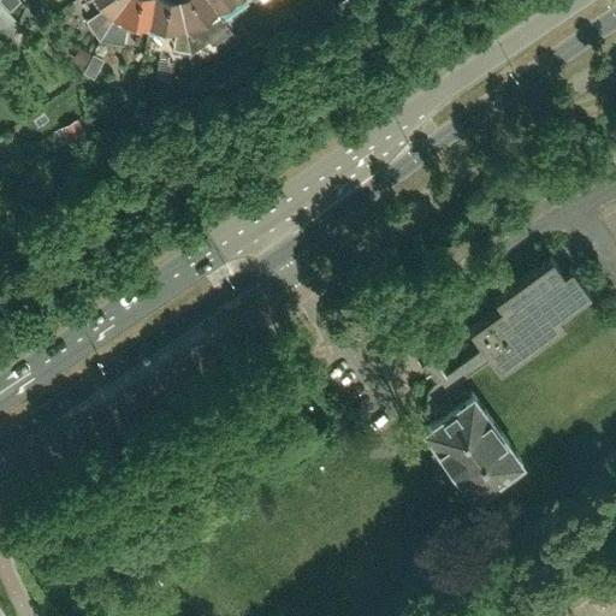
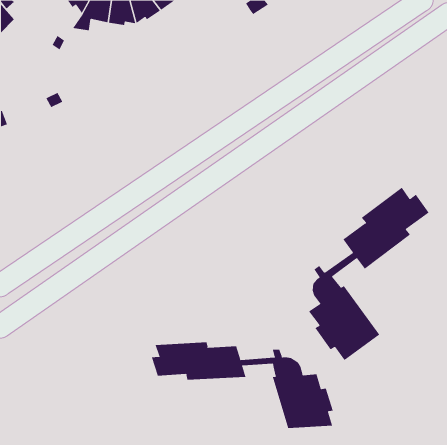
building: none -> [151,341,334,429]

